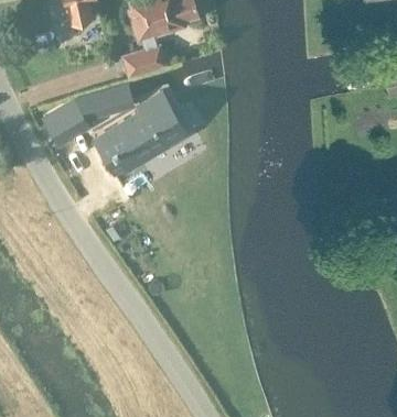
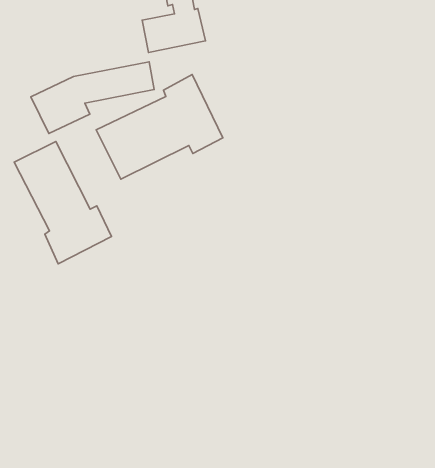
building: none -> [14,142,112,264]

